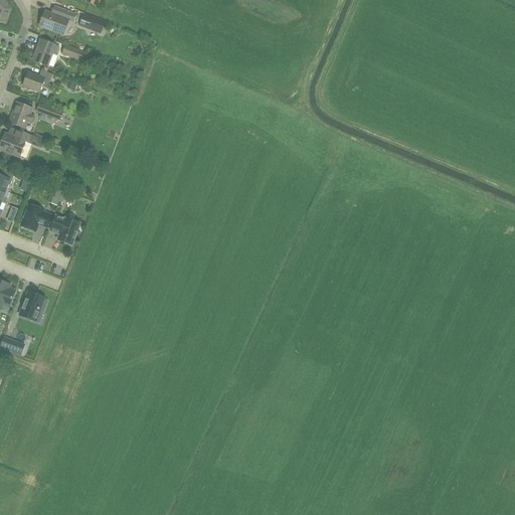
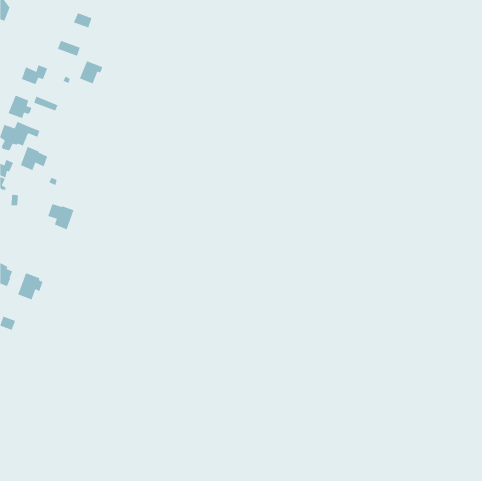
building: [38,7,77,33] -> none
building: [31,38,57,64] -> [79,60,104,85]
building: [21,204,51,231] -> [20,146,48,171]

